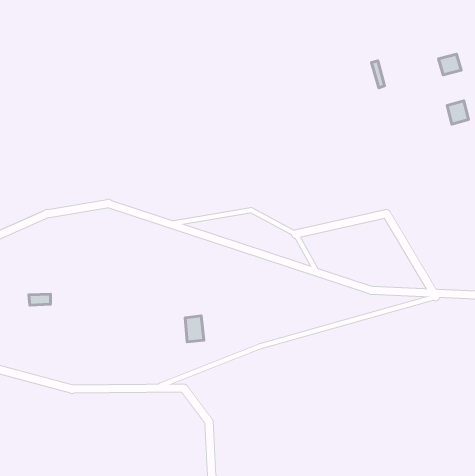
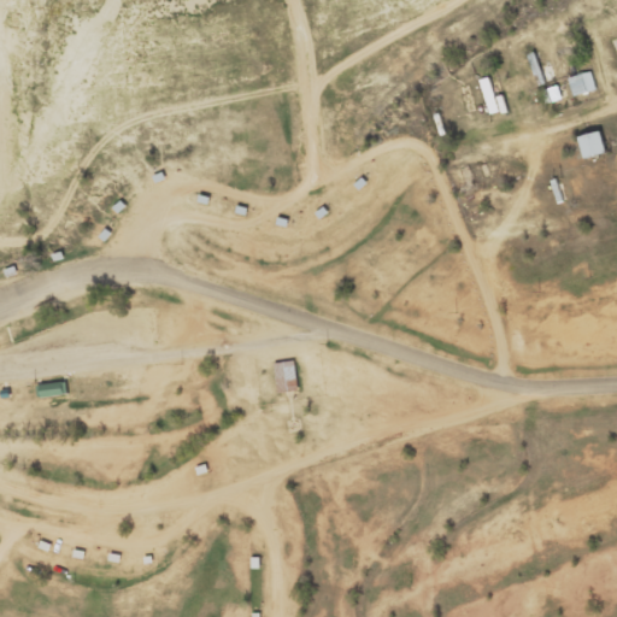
building: [185,316,204,342] -> [272,358,296,392]

